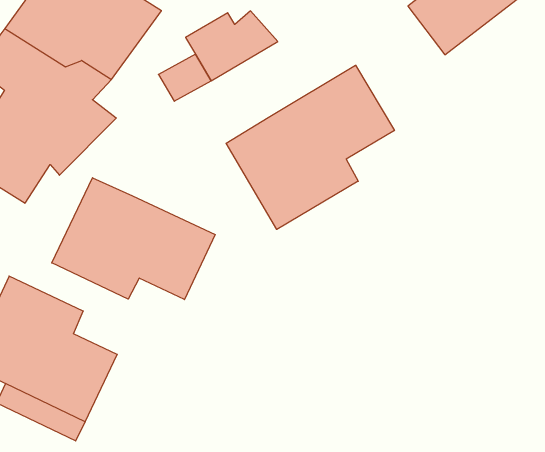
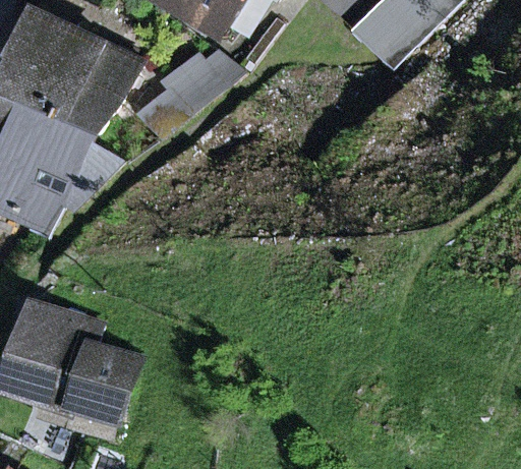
building: [226,65,394,229] -> none
building: [52,178,215,300] -> none

